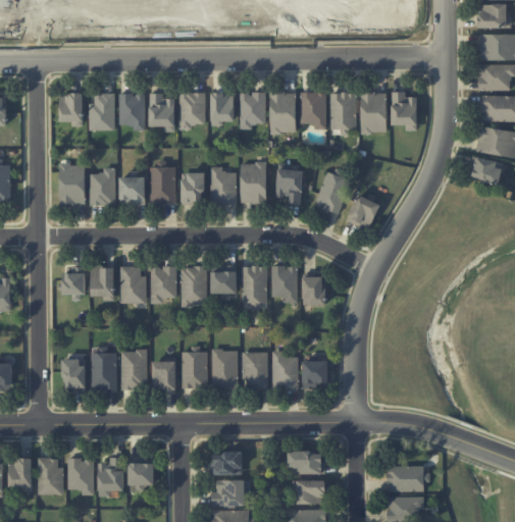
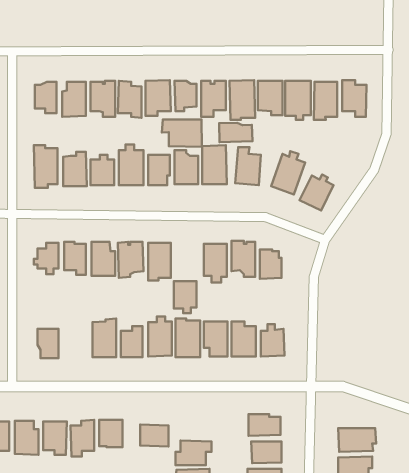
building: none -> [162,119,202,147]
building: none -> [219,123,252,142]
building: [211,264,236,299] -> [174,281,197,313]
building: [91,346,116,388] -> none
building: [211,452,242,475] -> [140,425,168,446]

